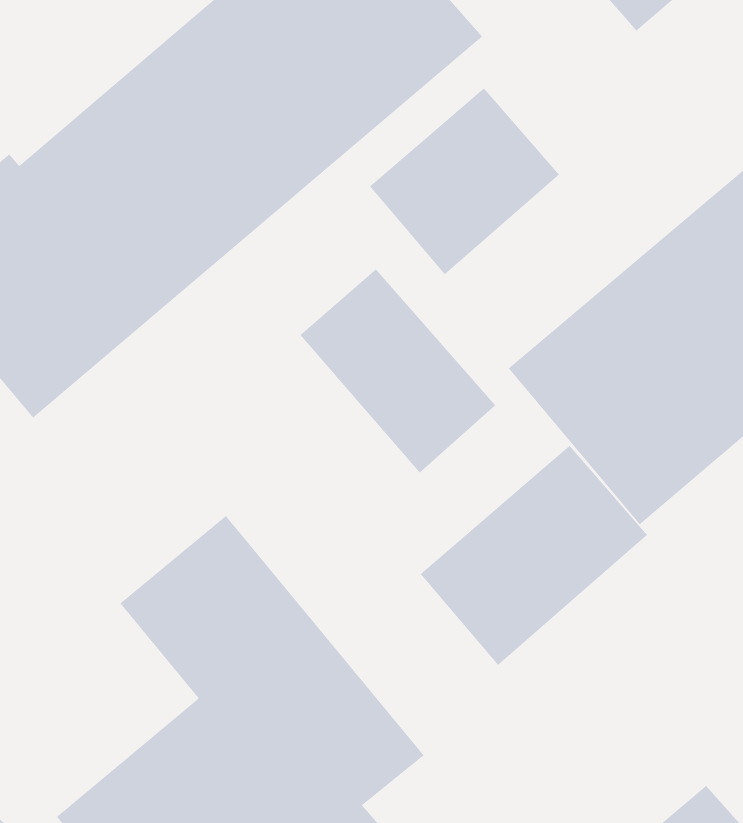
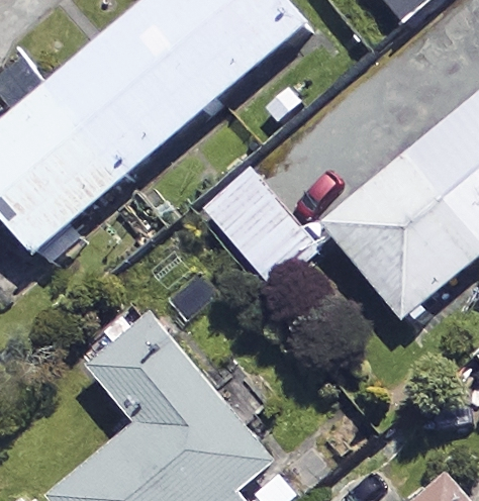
building: [369,88,560,275] -> none
building: [420,445,648,666] -> none

